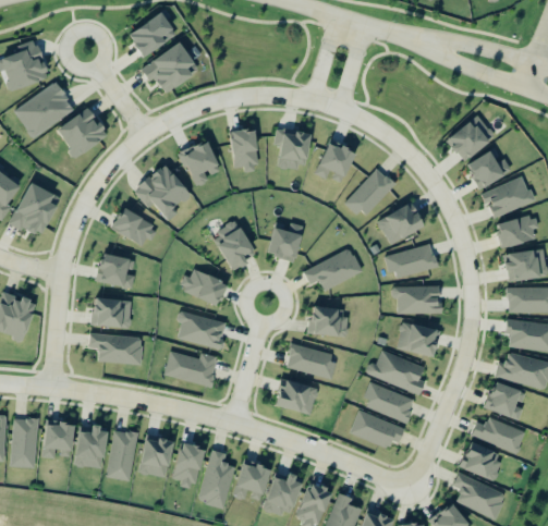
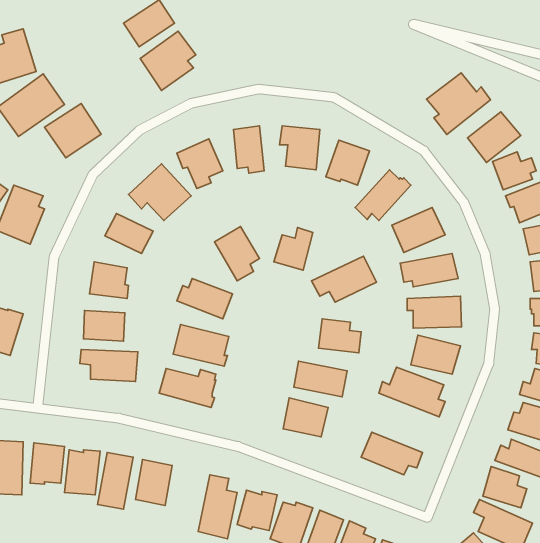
building: none -> [427,73,490,135]
building: [363,381,414,423] -> none
building: [174,442,205,489] -> none

